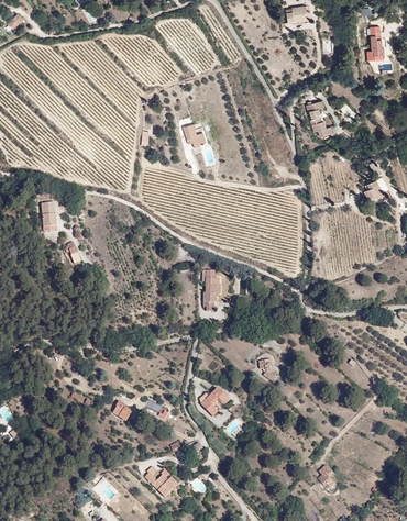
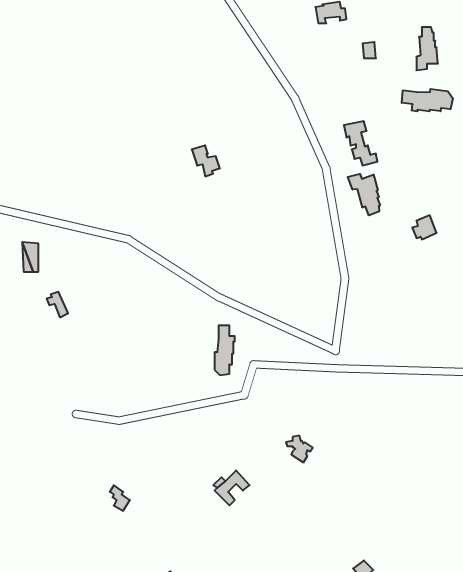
building: none -> [402,89,453,111]
building: none -> [348,174,380,215]

